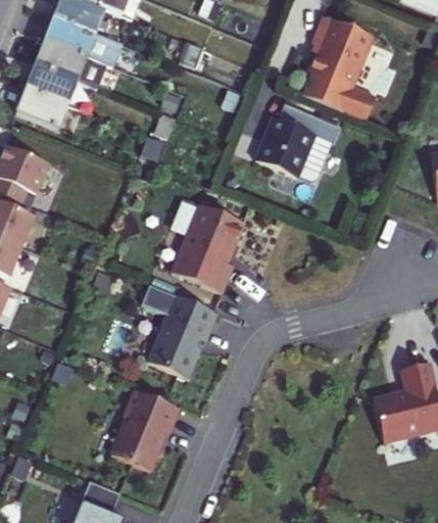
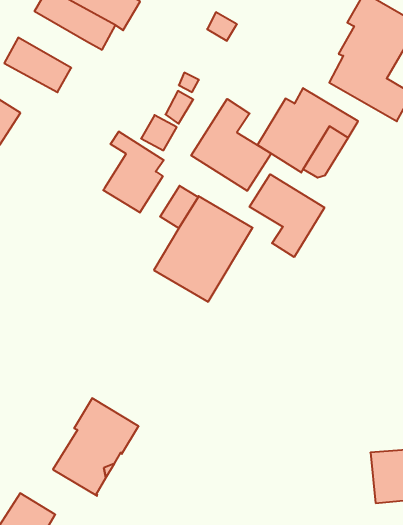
building: [27,70,99,118] -> none
building: none -> [191,99,271,191]
building: none -> [103,131,164,213]
building: none -> [250,174,324,257]
building: [146,286,220,378] -> none

